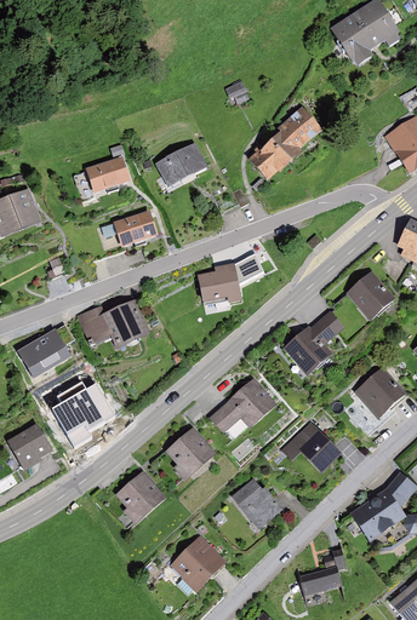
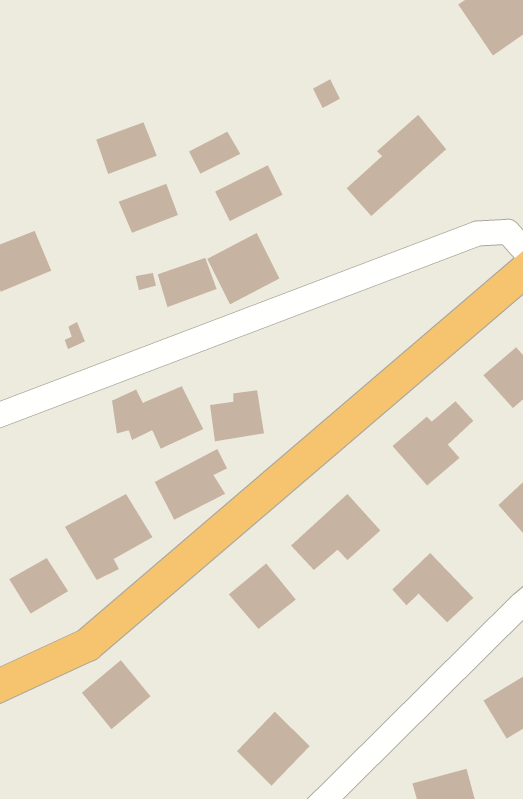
building: none -> [96,122,157,175]
building: none -> [188,131,241,175]
building: none -> [207,232,280,305]
building: [199,263,239,300] -> [209,390,265,442]
building: [18,323,72,375] -> [154,448,228,521]
building: [114,471,165,522] -> [81,659,152,730]
building: [232,480,281,528] -> none

